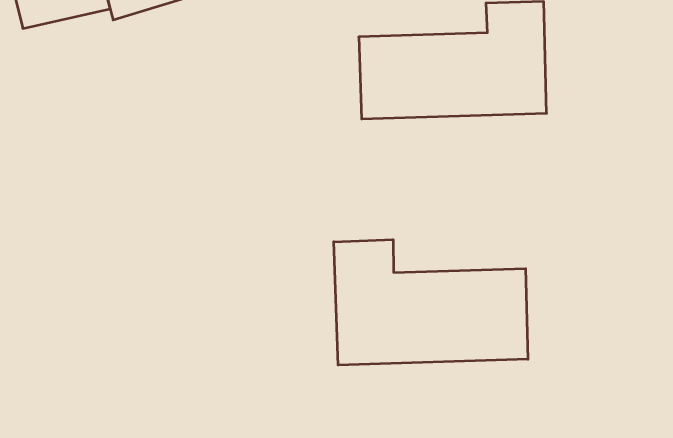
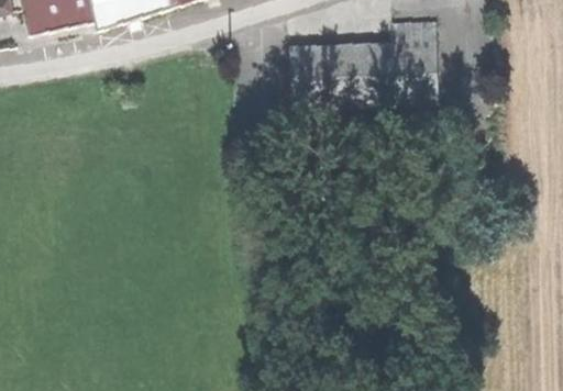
building: [334,240,528,365] -> none

